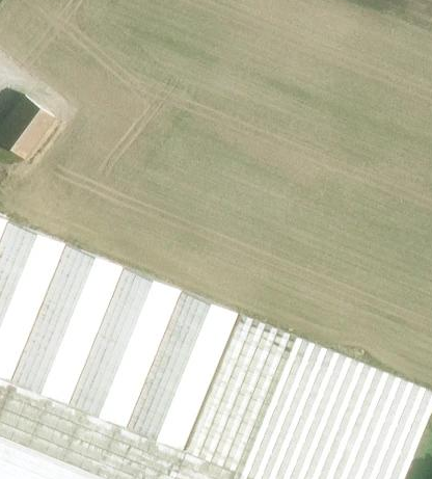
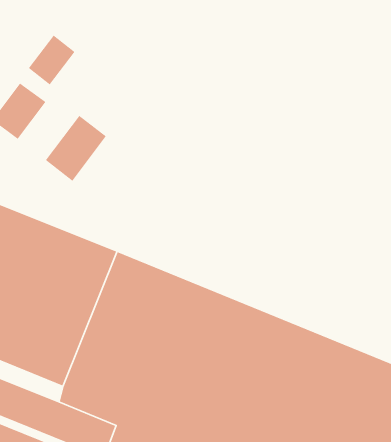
building: none -> [28,34,75,86]
building: none -> [45,115,107,182]

